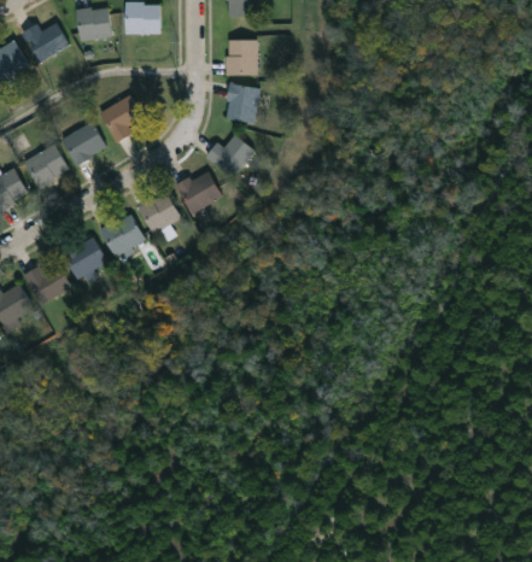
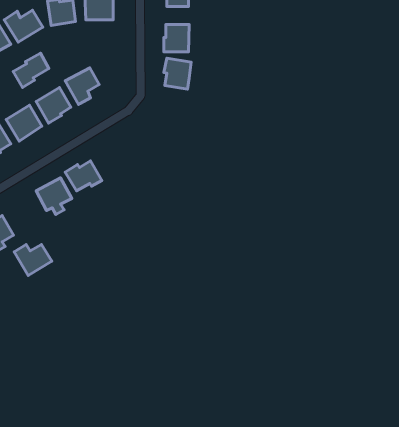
building: none -> [13,53,49,87]
building: [205,134,255,178] -> none
building: [175,171,223,215] -> none
building: [136,193,180,238] -> none
building: [23,265,71,305] -> [14,244,52,275]

